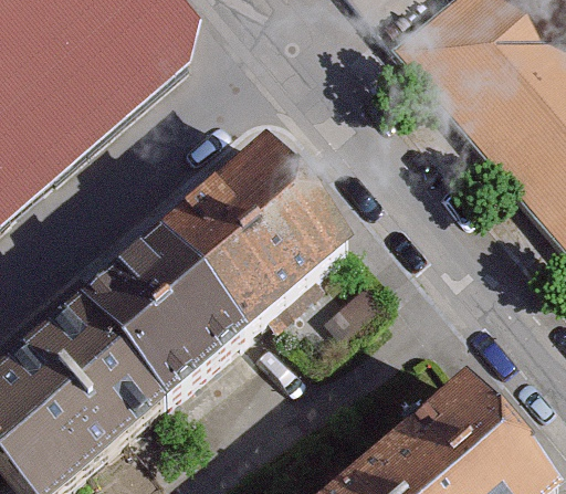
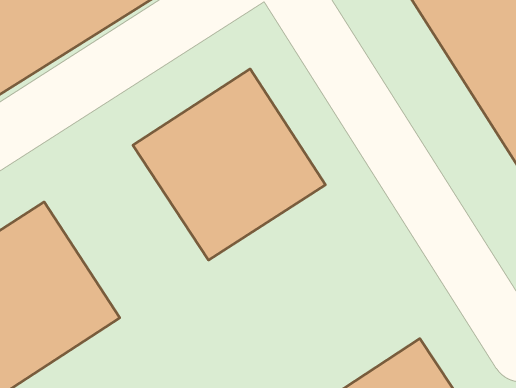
building: [71,234,239,404] -> none

